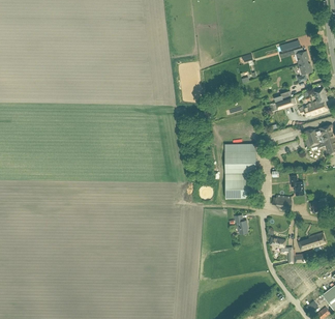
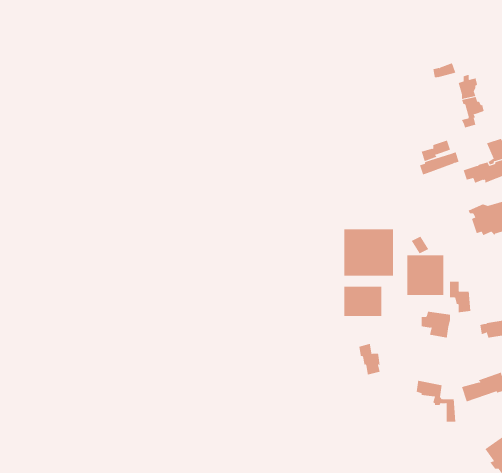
building: none -> [407,255,444,296]

